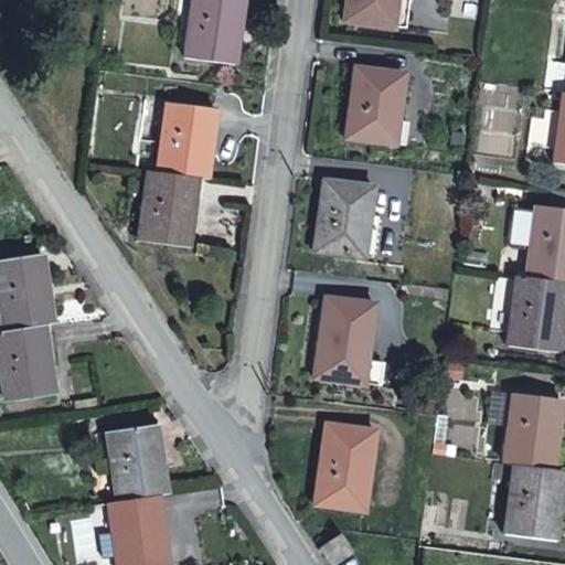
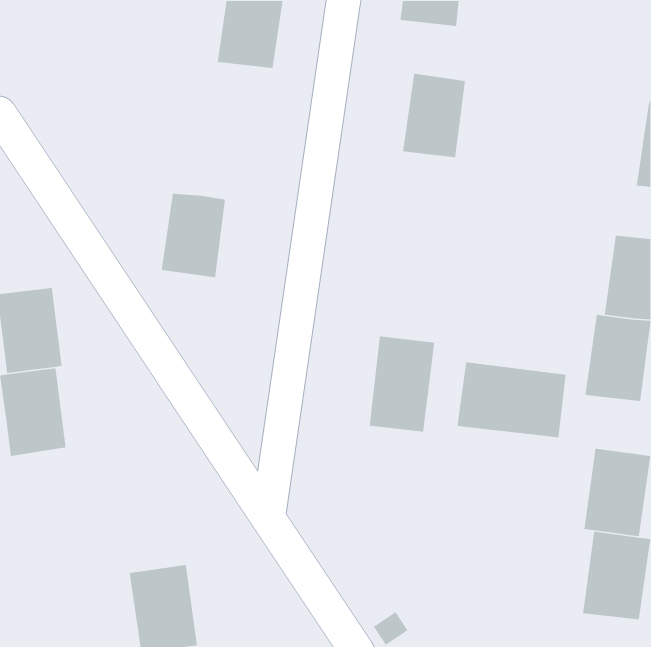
building: [159,103,216,178] -> none
building: [315,180,370,254] -> none
building: none -> [456,361,566,438]
building: [320,423,377,510] -> none
building: [115,424,170,498] -> none

